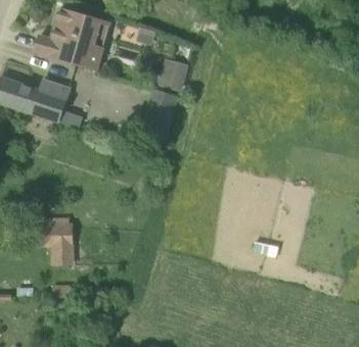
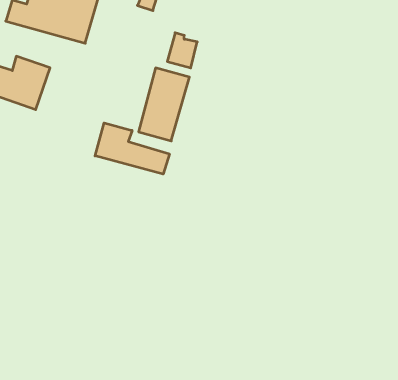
building: none -> [95,123,169,174]
building: [41,222,73,265] -> none

